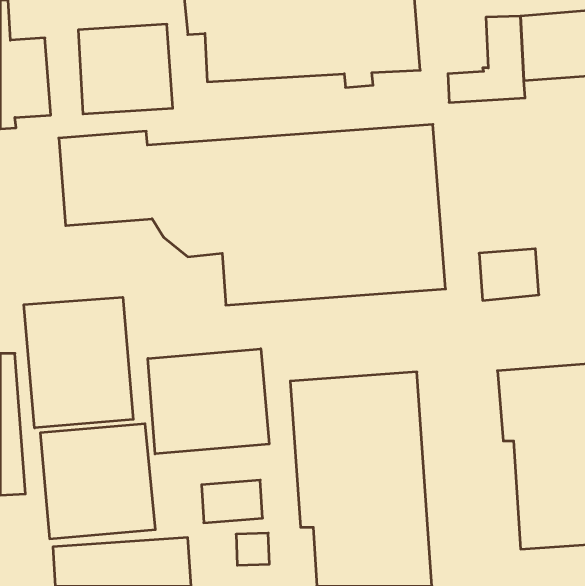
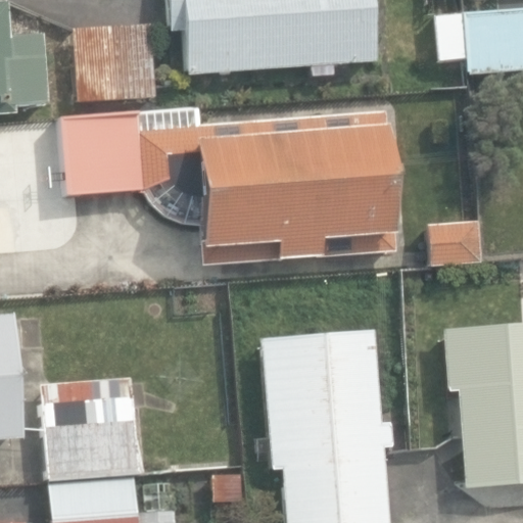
building: [24,297,133,428] -> none
building: [148,349,269,454] -> none

